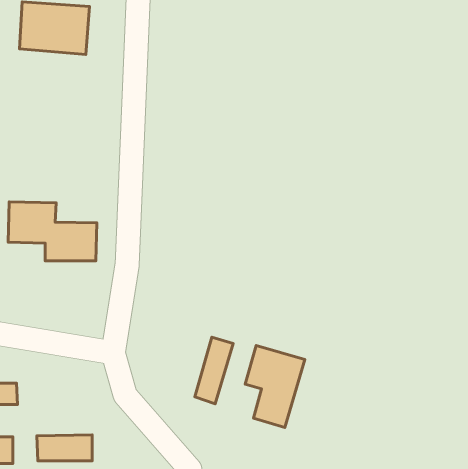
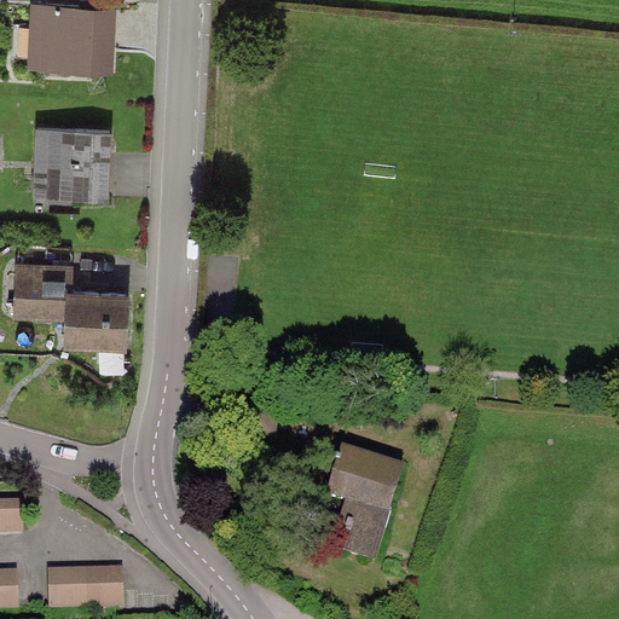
building: none -> [33,131,110,198]
building: [195,337,233,404] -> none

